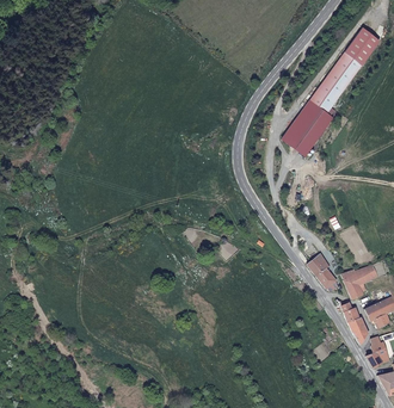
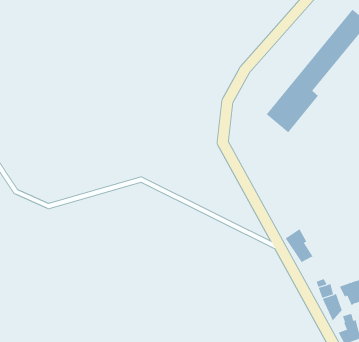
building: [340,264,377,299] -> none

